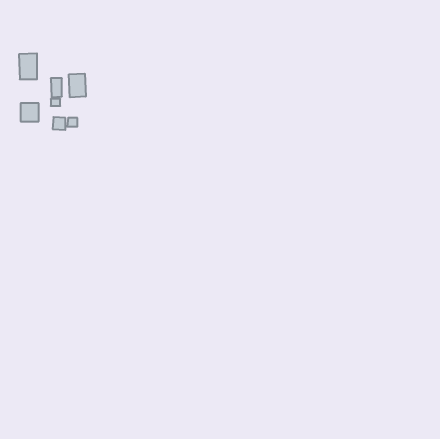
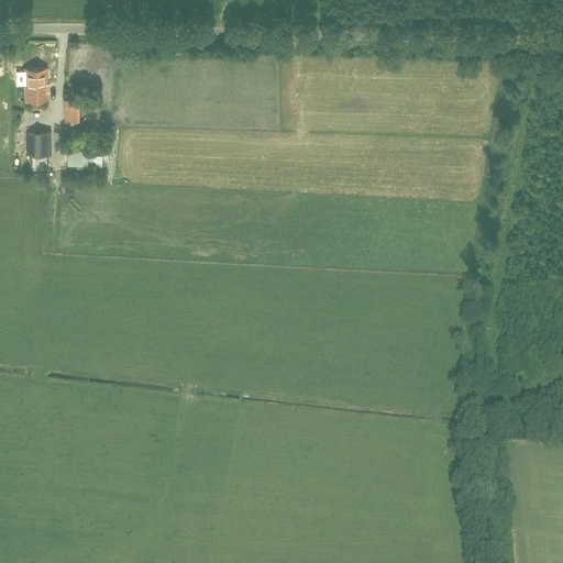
building: [69,74,86,97] -> none

